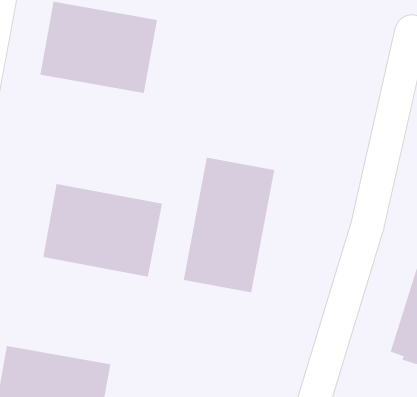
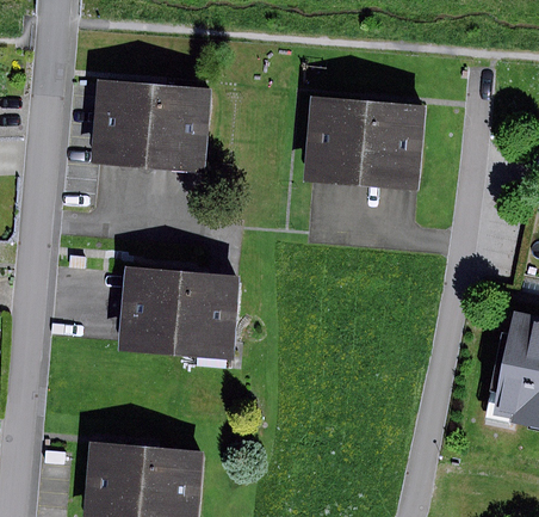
building: none -> [309,104,421,184]
building: [183,157,275,293] -> none

